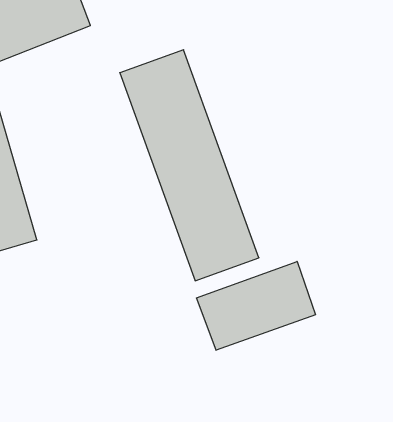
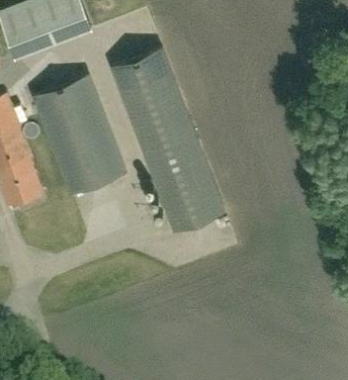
building: none -> [33,75,124,192]
building: [197,261,316,350] -> none

